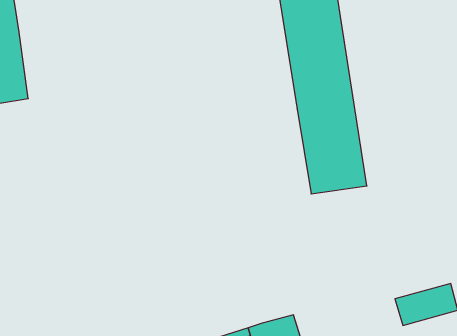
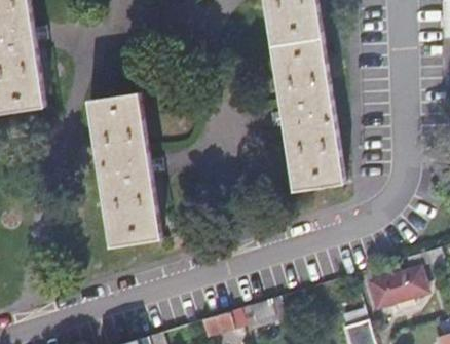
building: none -> [88,92,161,246]

